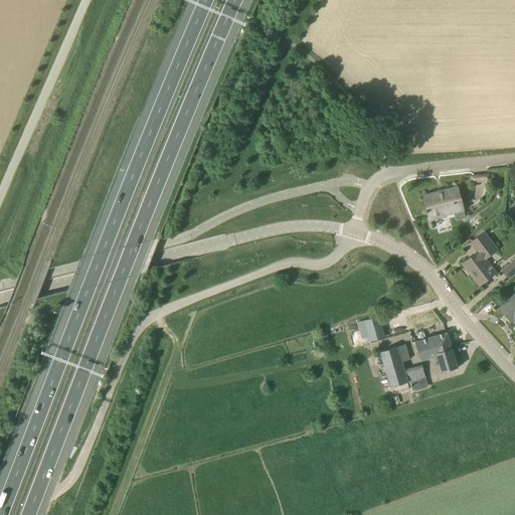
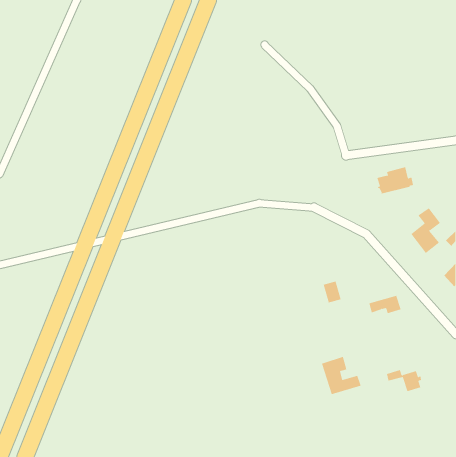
building: [379,344,424,387] -> [321,356,362,395]
building: [417,347,458,372] -> [386,369,422,392]

